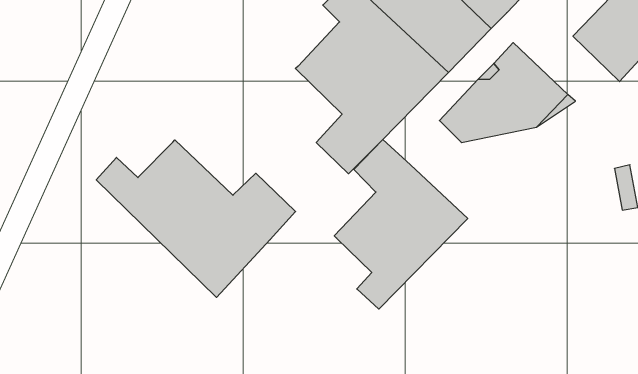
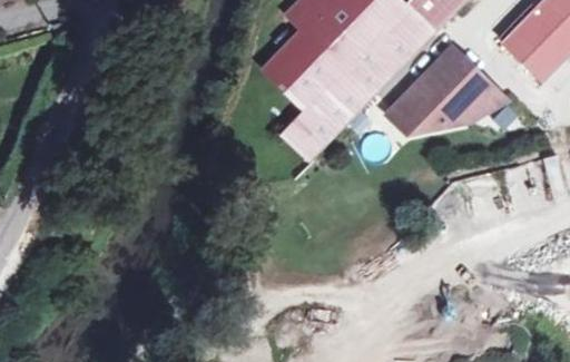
building: [334,139,468,309] -> none
building: [96,140,296,297] -> none

